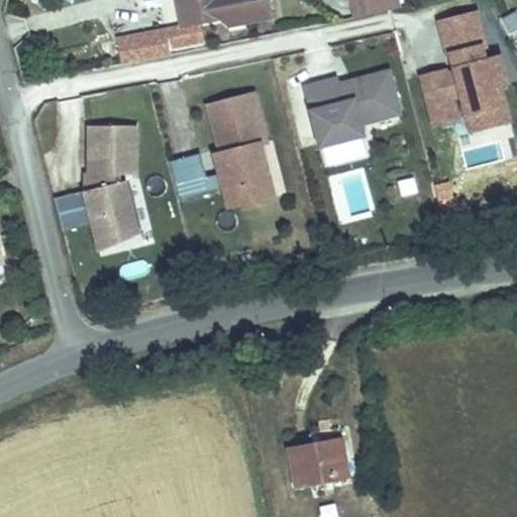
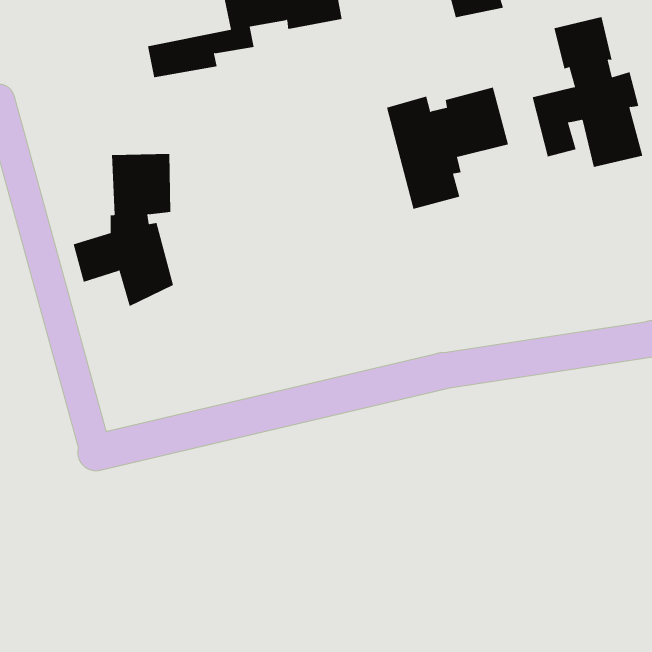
building: [167,91,270,200] -> none
building: [288,439,349,486] -> none

